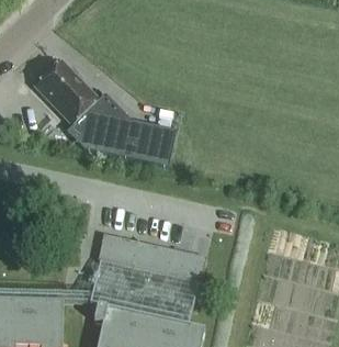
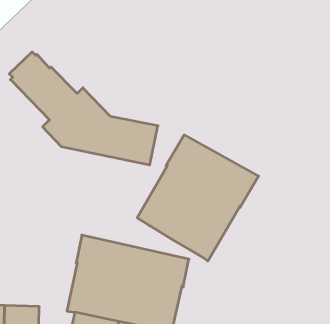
building: none -> [137,135,259,261]

